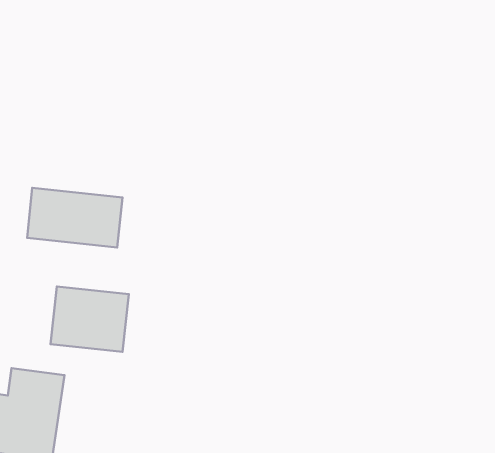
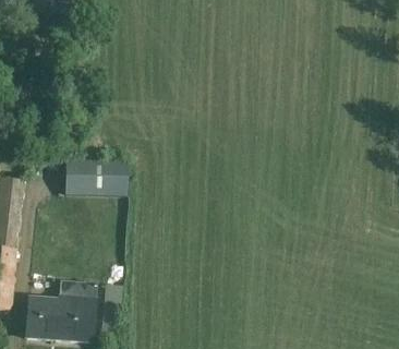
building: [51,286,129,352] -> none

